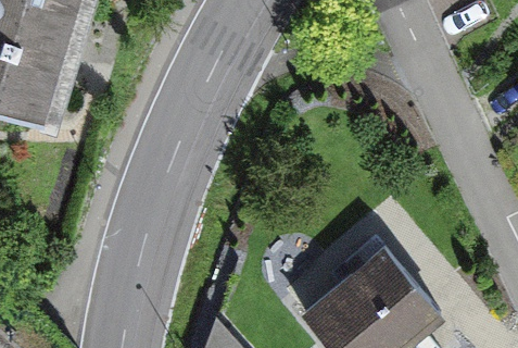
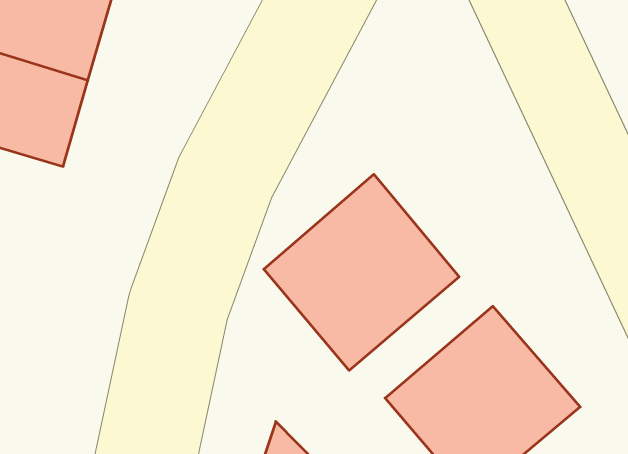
building: none -> [264,174,459,370]

